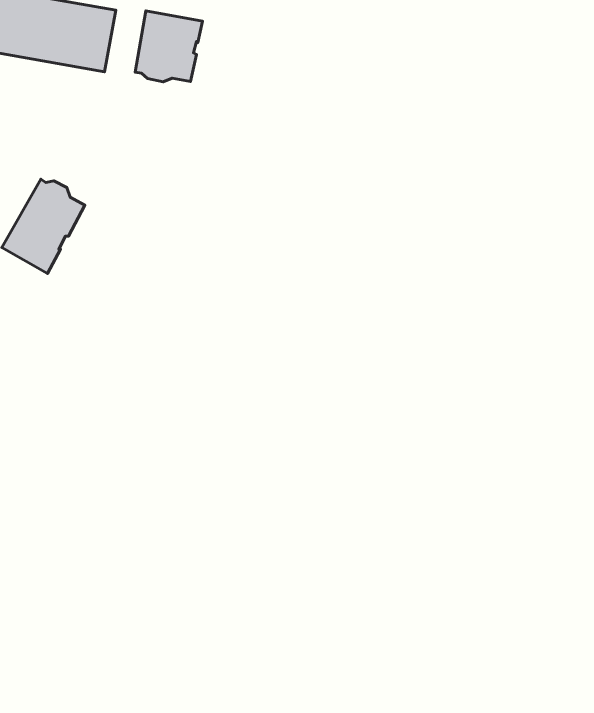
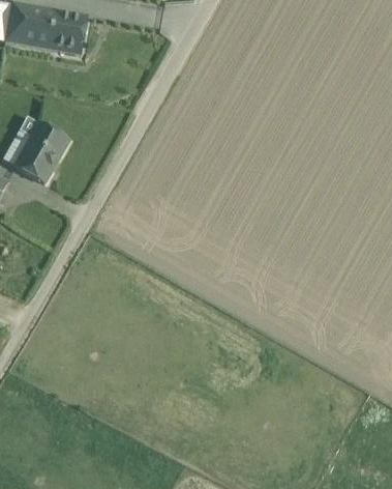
building: [135,11,203,82] -> none

